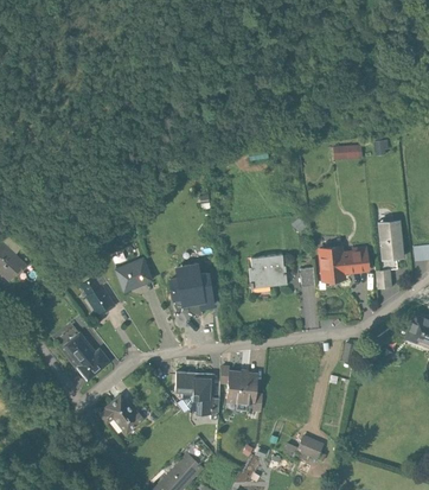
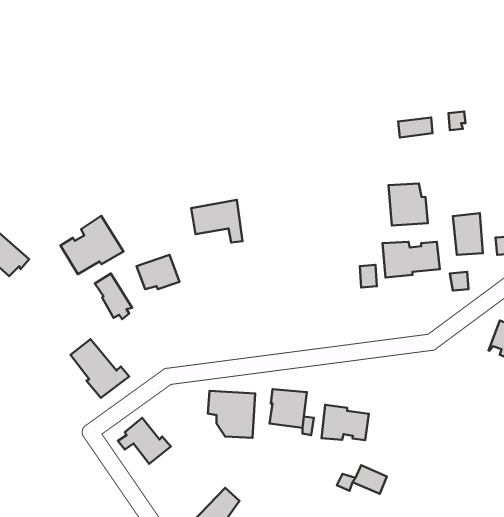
building: none -> [389,183,428,225]
building: none -> [60,216,123,274]
building: [248,255,287,288] -> none
building: [169,274,212,310] -> [191,200,243,243]
building: none -> [321,405,369,440]

